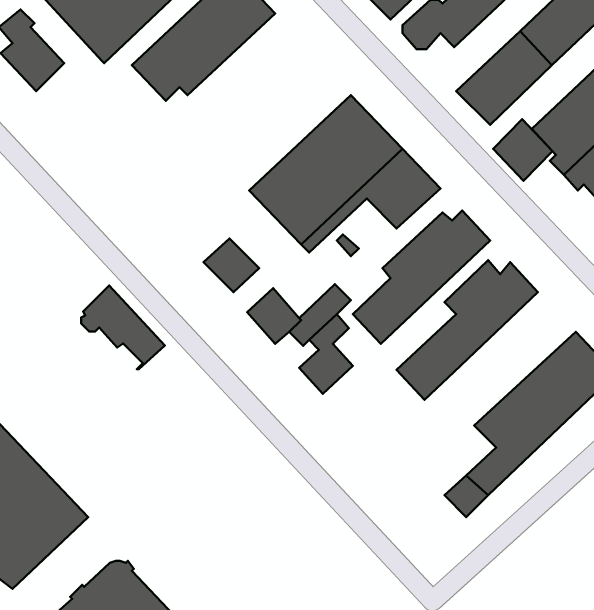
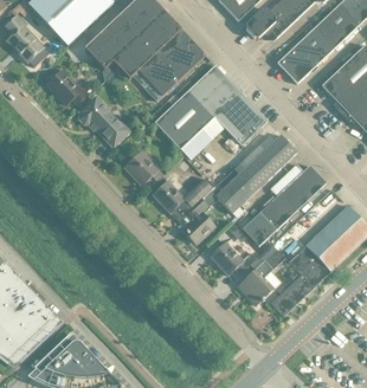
building: none -> [117,17,205,95]
building: none -> [47,70,88,104]
building: [493,119,553,181] -> none
building: [81,286,165,369] -> [79,96,129,145]
building: none -> [211,241,256,274]
building: none -> [238,248,285,305]

